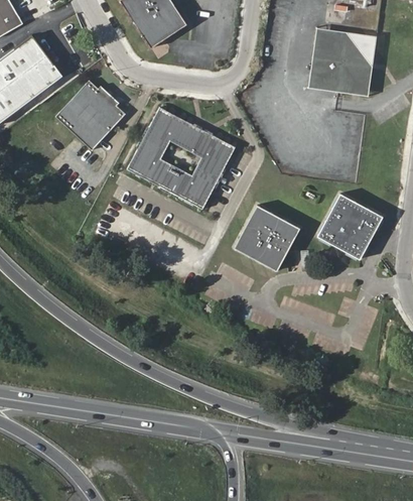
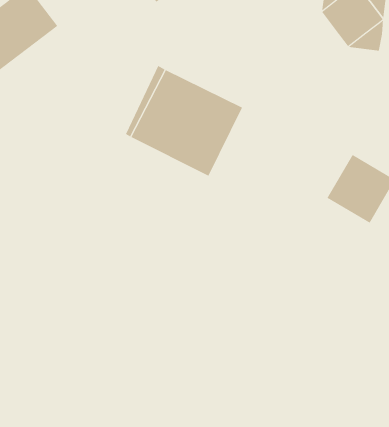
building: [308,58,337,92] -> none
building: [55,83,125,152] -> none
building: [236,201,301,266] -> none

